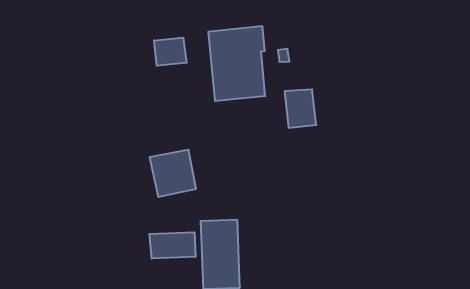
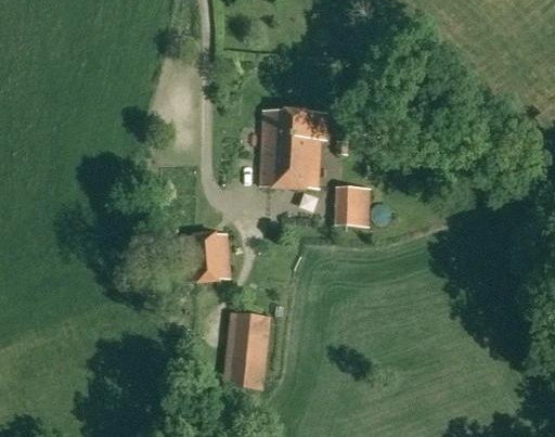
building: [154,38,187,66] -> none
building: [149,232,196,259] -> none

